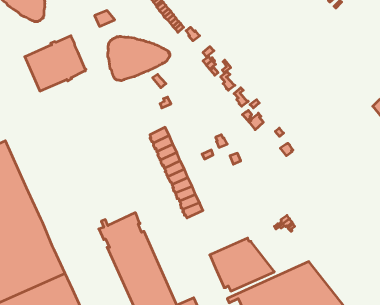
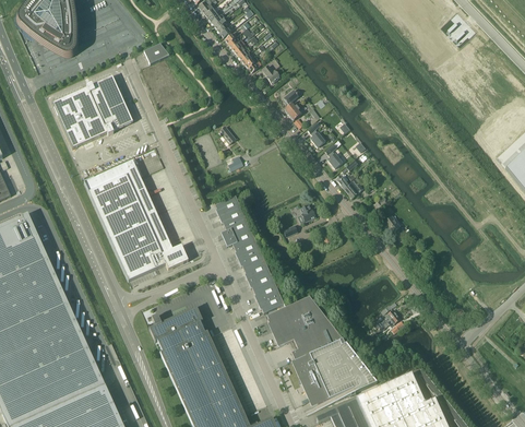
building: [108,36,170,81] -> none
building: none -> [84,159,188,280]
building: none -> [266,295,343,359]

